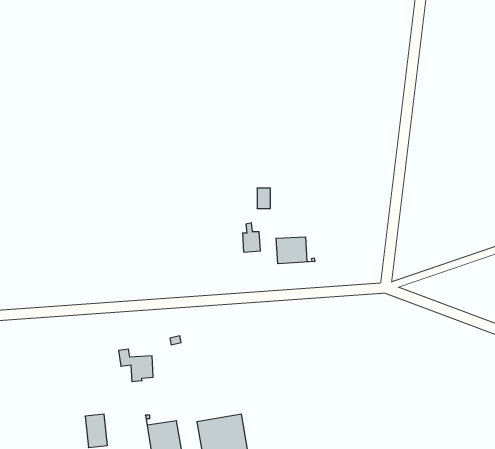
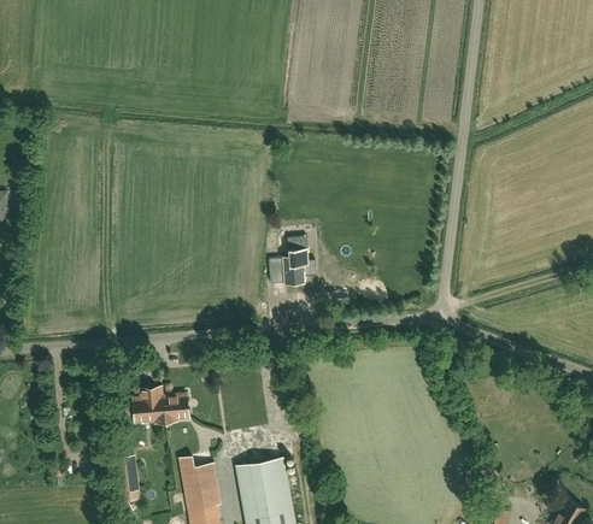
building: [276,237,315,264] -> none
building: none -> [134,389,165,424]

